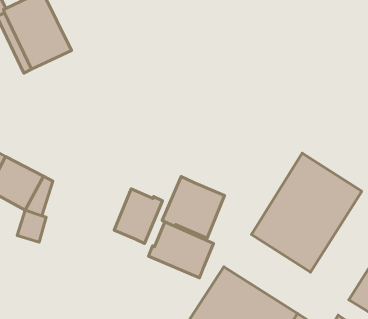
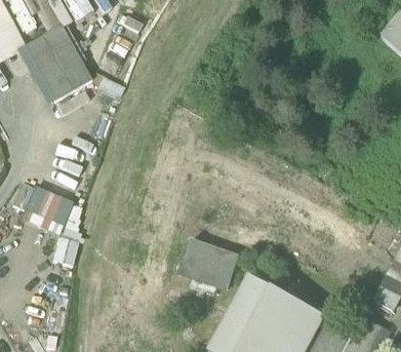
building: [251,153,361,272] -> none
building: [162,176,224,238] -> none
building: [114,189,162,243] -> none

